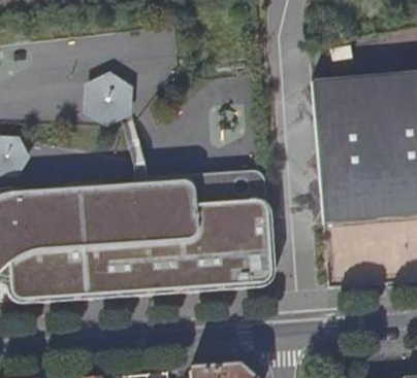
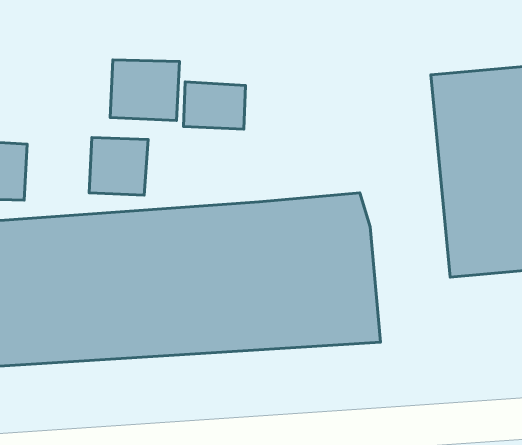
building: none -> [183,82,245,129]
building: none -> [89,137,148,195]

